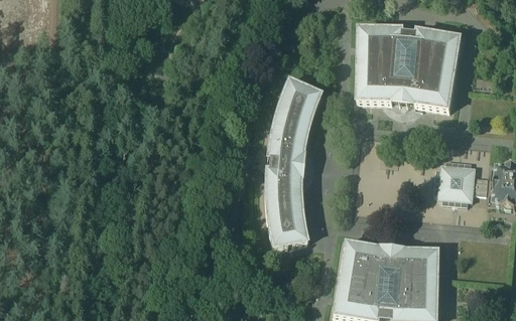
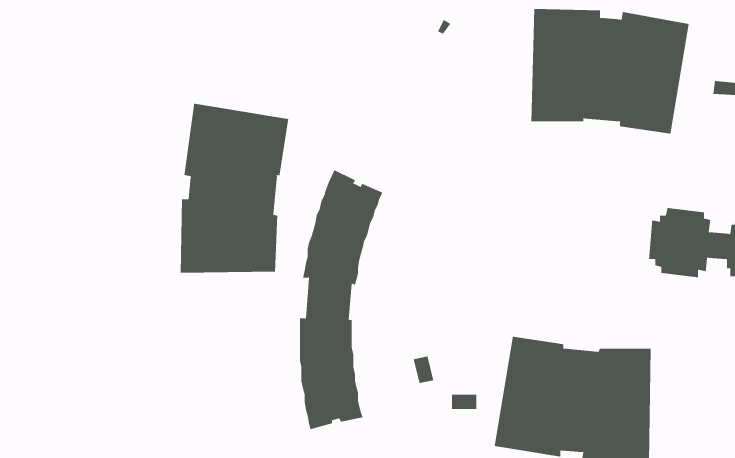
building: [266,76,321,248] -> [299,169,383,430]
building: none -> [180,103,289,273]

